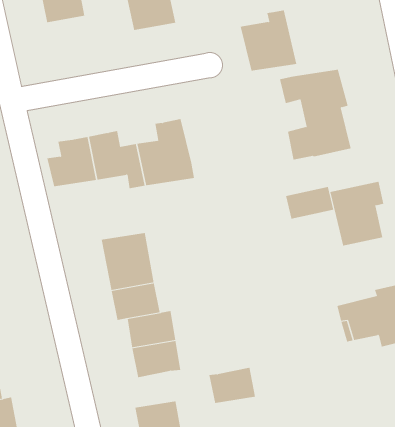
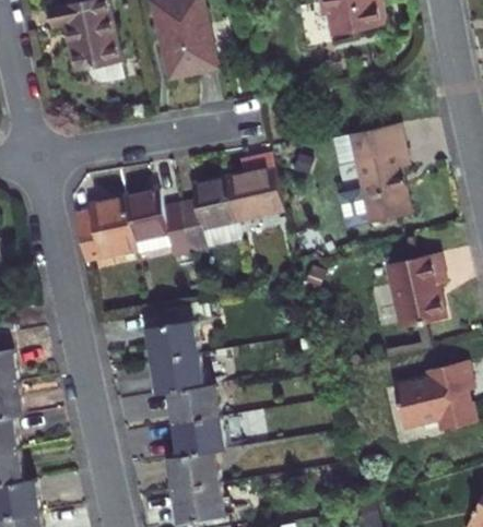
building: [240,10,297,71] -> [223,158,286,226]
building: [286,186,334,220] -> none
building: [208,367,256,404] -> [165,455,217,495]

